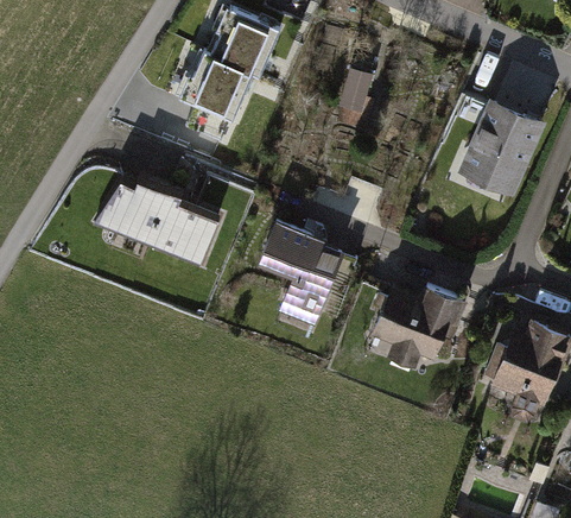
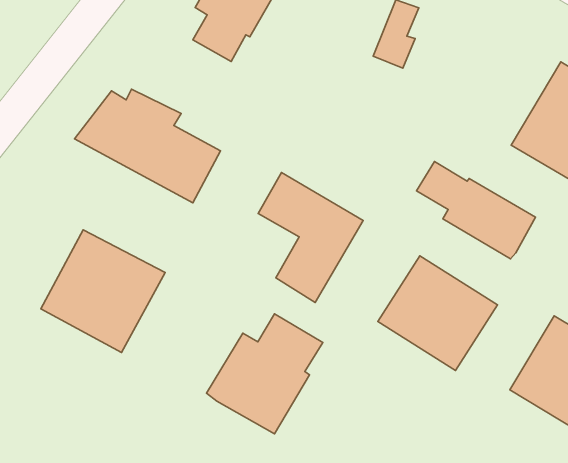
building: none -> [417,162,536,259]
building: none -> [41,230,165,352]
building: none -> [207,314,323,434]

